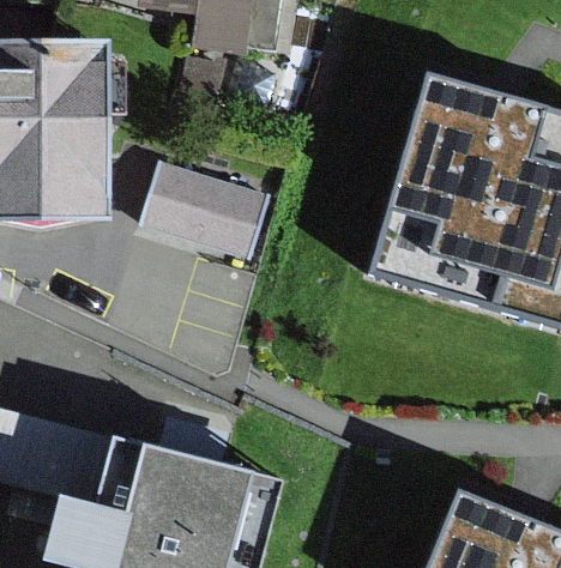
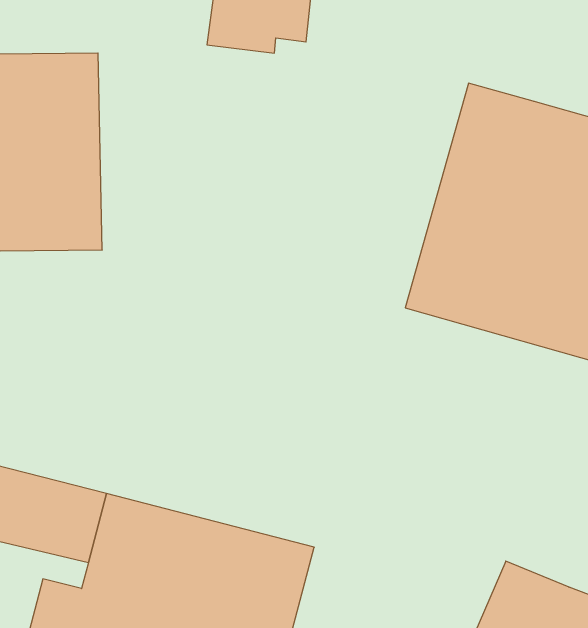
building: [143,156,267,248] -> none

